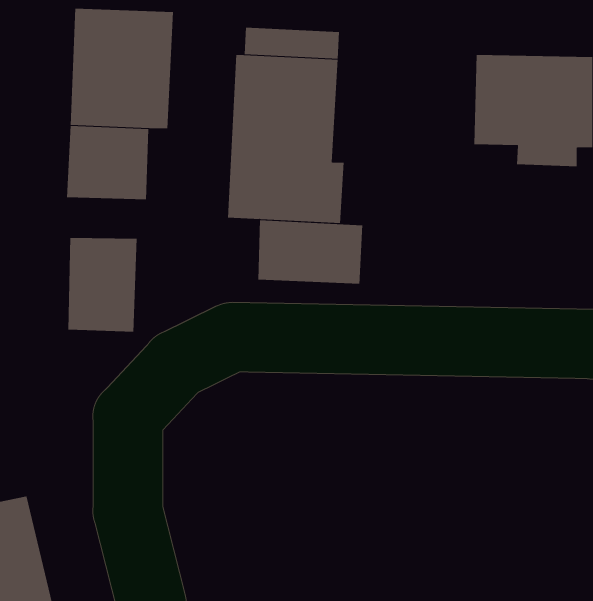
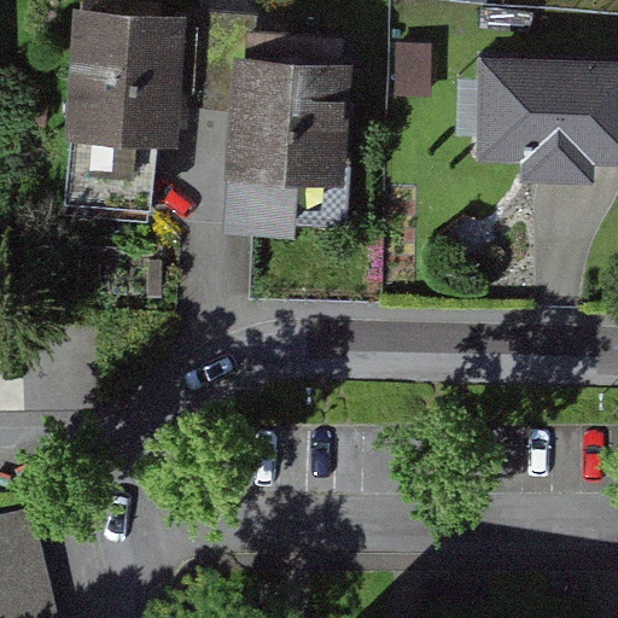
building: [258,219,363,284] -> none
building: [68,237,137,333] -> none

